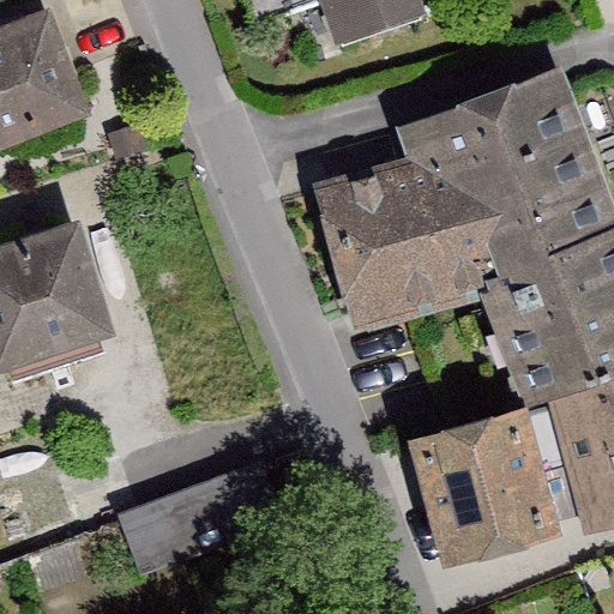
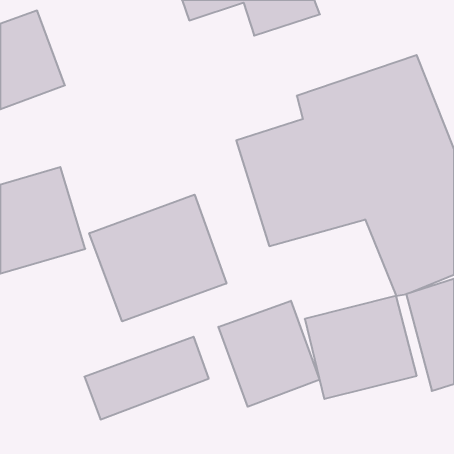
building: none -> [89,195,226,321]
building: none -> [218,301,320,407]

